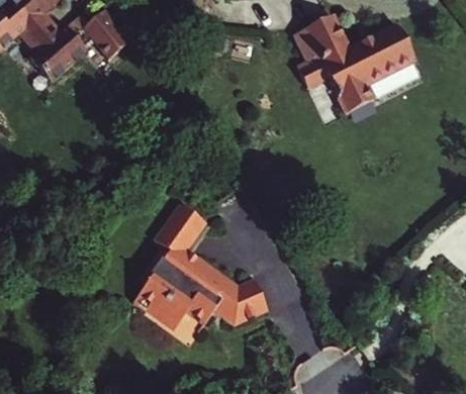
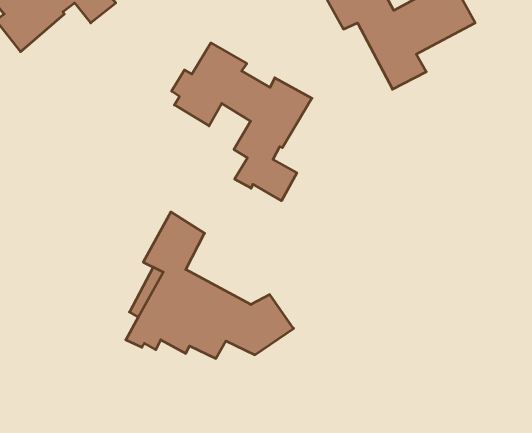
building: none -> [172,43,312,201]
building: [148,313,207,347] -> none

